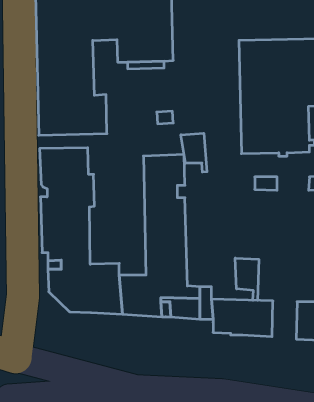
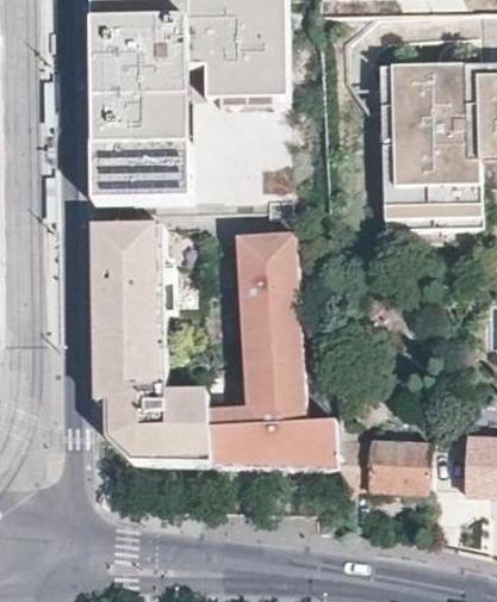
building: none -> [168,66,204,145]
building: [181,133,207,172] -> none
building: [235,258,259,300] -> none

